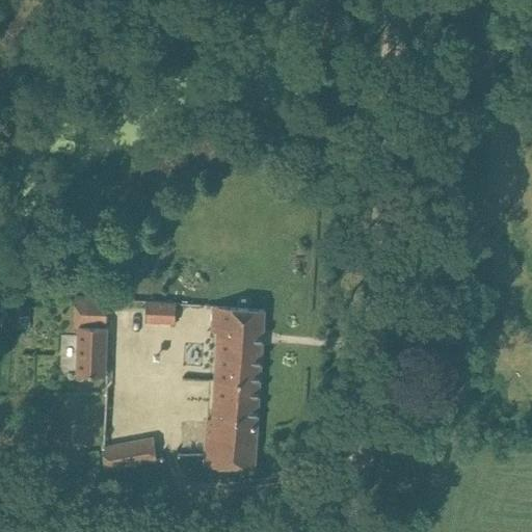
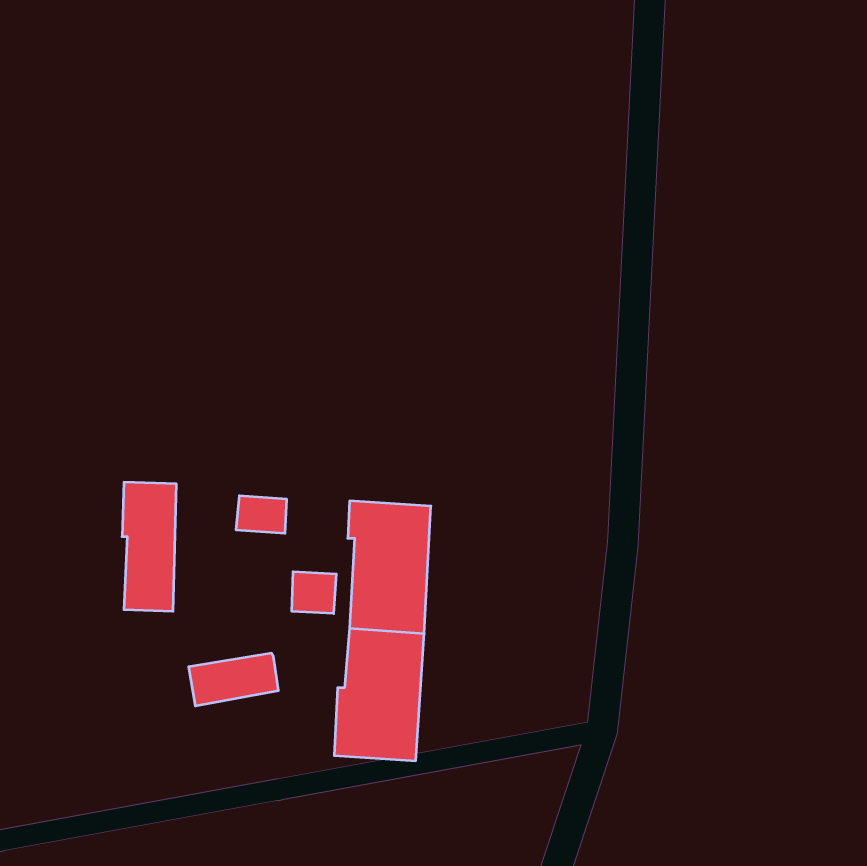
building: none -> [292,572,336,614]
building: [102,438,157,471] -> [189,653,278,706]

